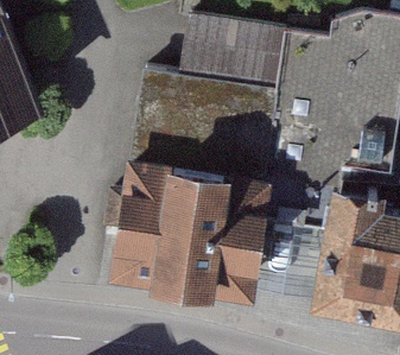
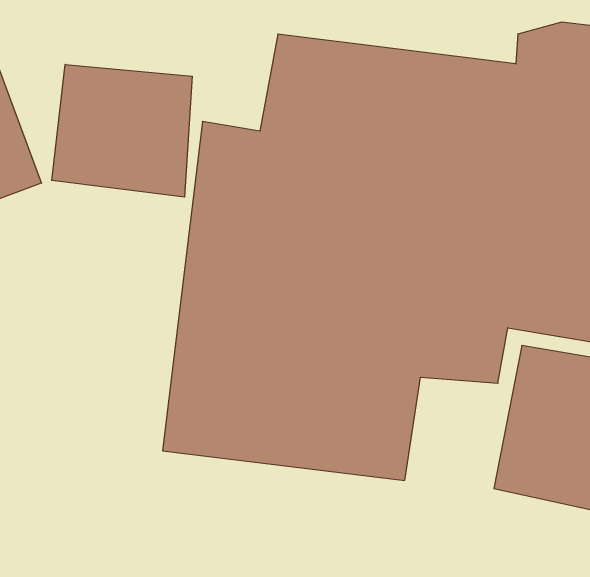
building: none -> [52,64,192,197]

